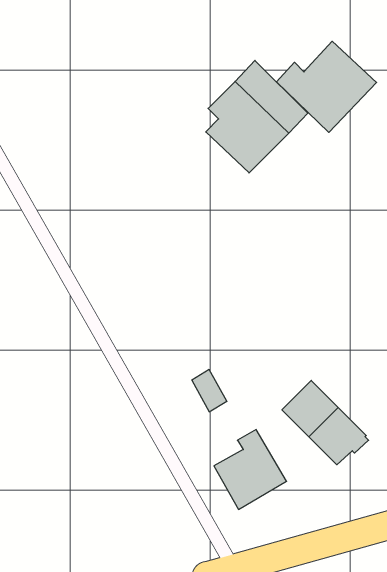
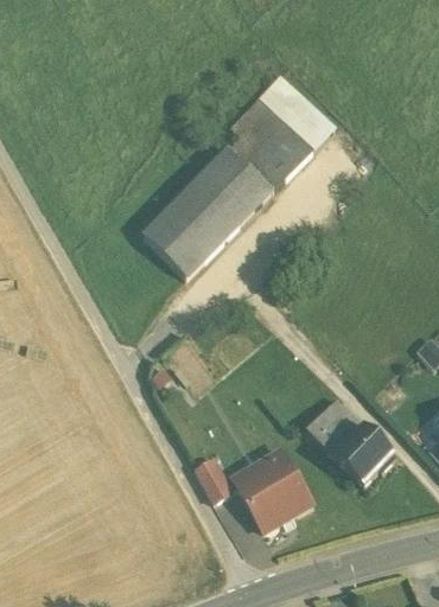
building: [276,41,377,132] -> none
building: none -> [142,148,272,277]
building: [192,370,227,412] -> [195,459,230,501]

